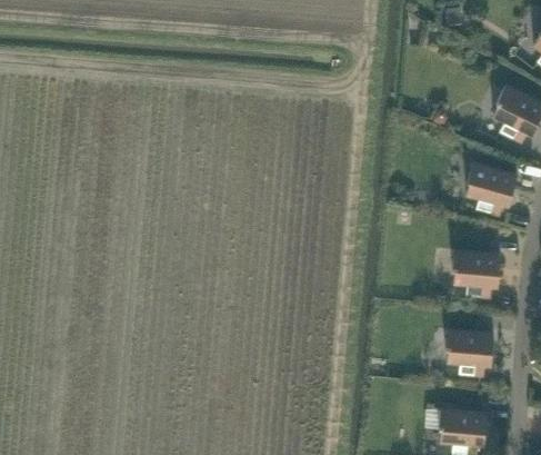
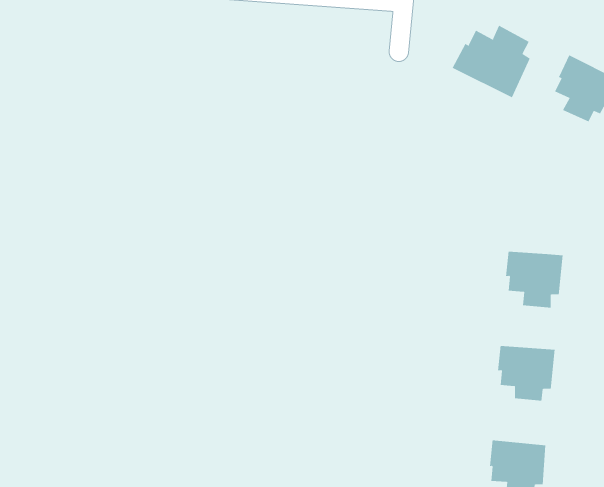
building: none -> [452,25,531,98]
building: [468,161,519,215] -> none

